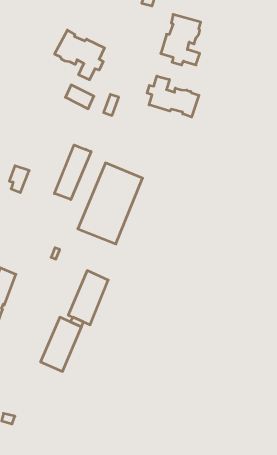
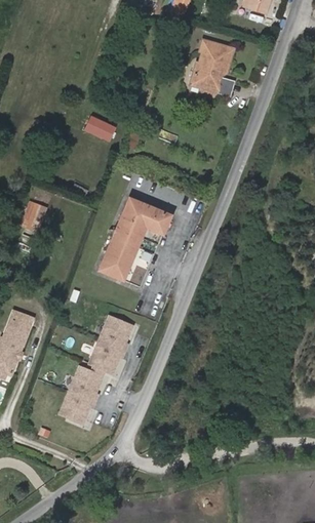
building: [55,30,105,80] -> none
building: [147,76,199,117] -> none
building: [54,145,91,200] -> none

